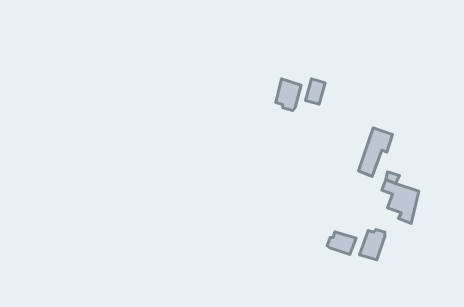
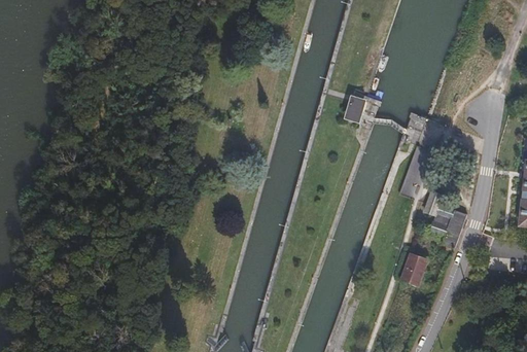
building: [276,79,301,110] -> none
building: [327,232,356,255] -> none

